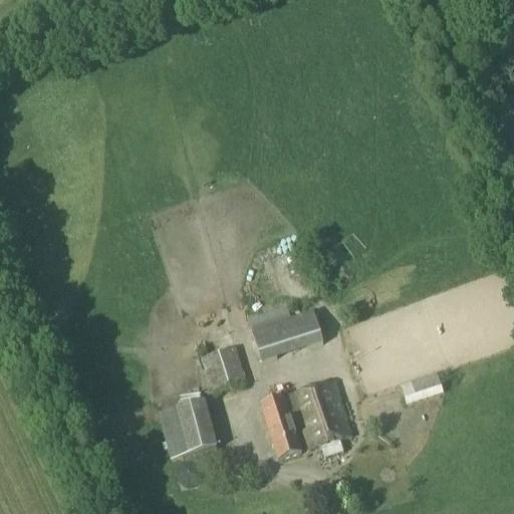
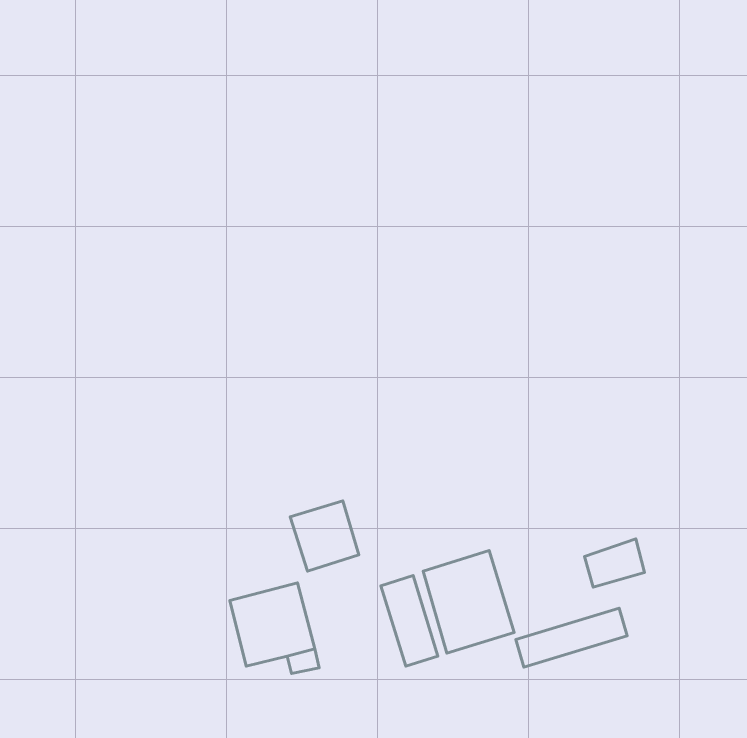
building: [255,308,325,355] -> none
building: none -> [516,608,627,667]

